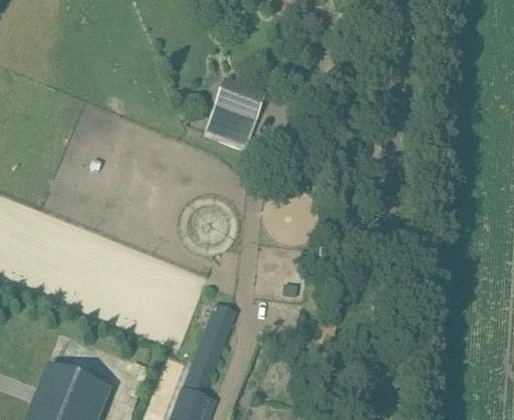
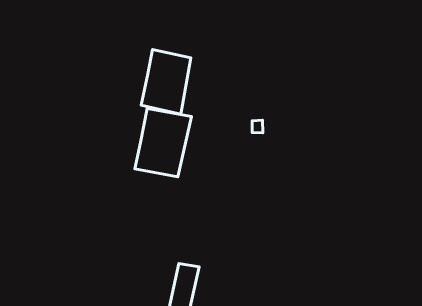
building: none -> [135,109,192,177]

